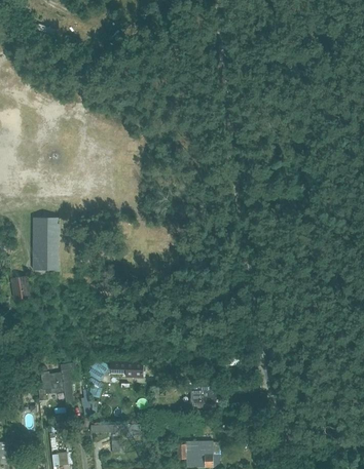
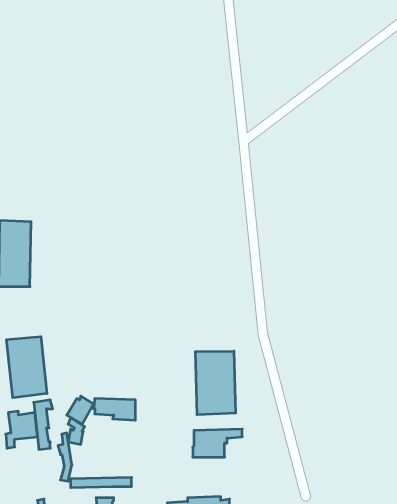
building: none -> [7,337,47,398]
building: none -> [195,351,236,415]

